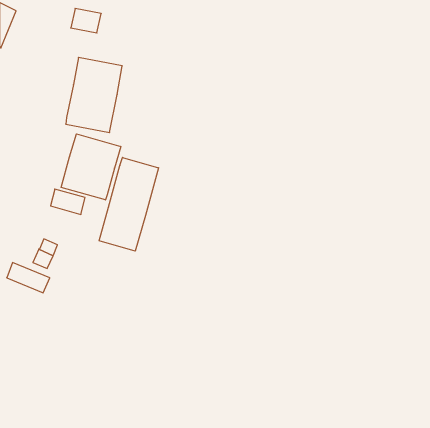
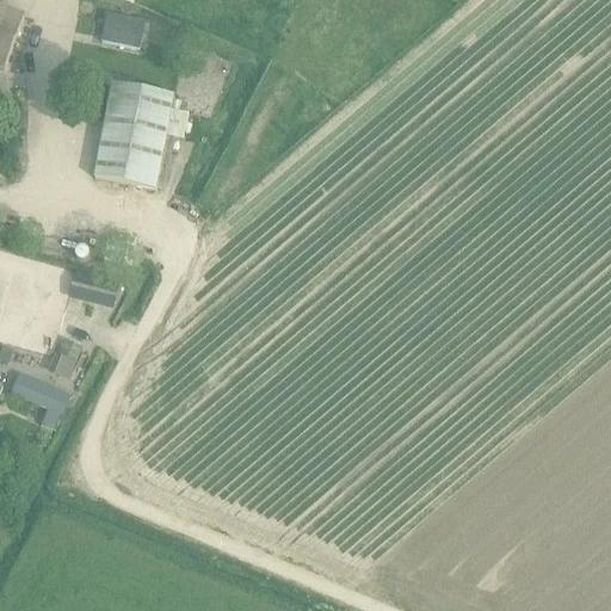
building: [61,134,121,200] -> none
building: [99,157,159,251] -> none

